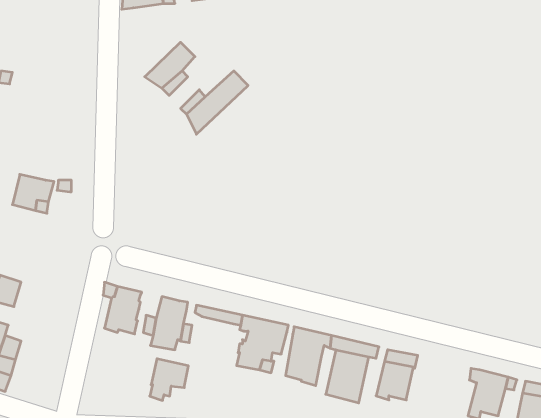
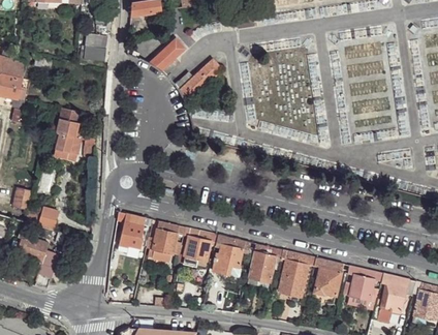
building: none -> [82,33,107,62]
building: none -> [56,108,80,138]
building: none -> [342,266,377,303]
building: [150,359,188,400] -> [183,236,211,266]

